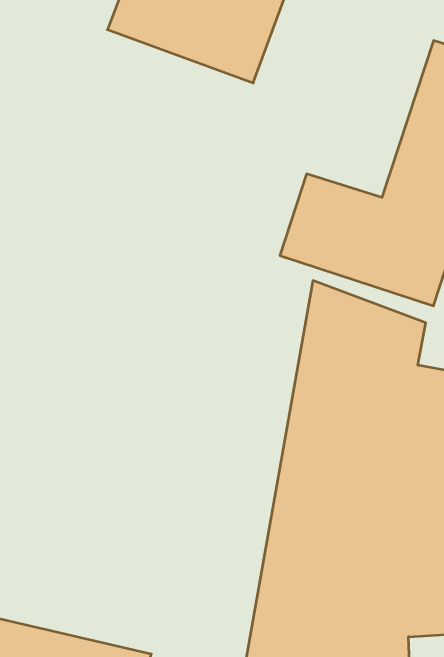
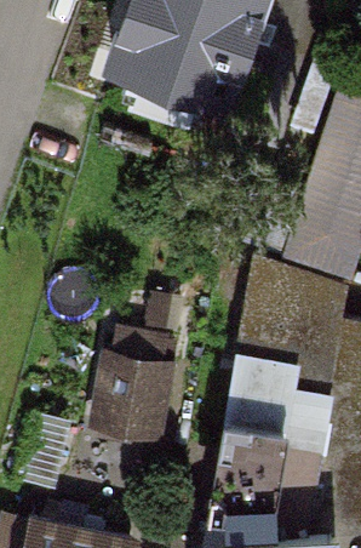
building: none -> [94,356,173,446]

